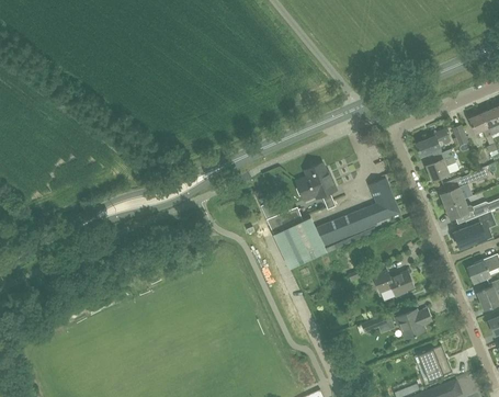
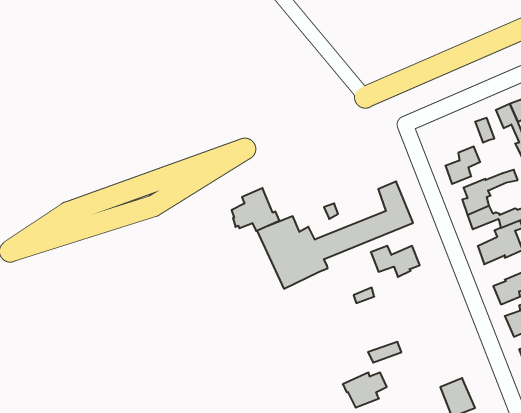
building: [415,129,449,157] -> none
building: [295,163,336,200] -> [232,188,279,231]
building: [372,271,413,297] -> [371,246,420,277]
building: [394,309,431,339] -> [343,373,387,408]

